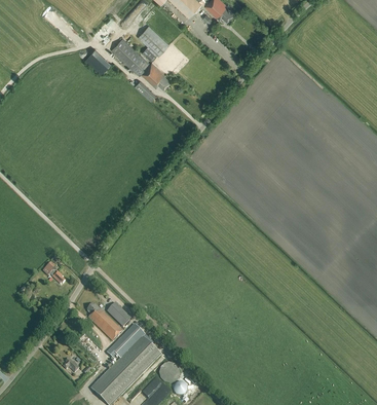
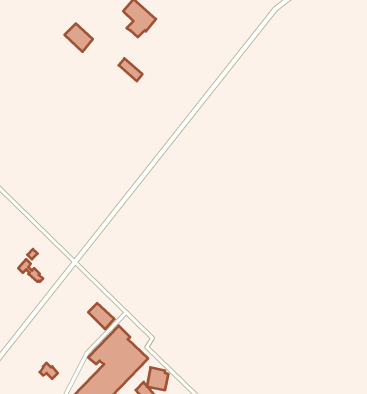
building: [111,39,169,89] -> none
building: [86,304,121,340] -> none

